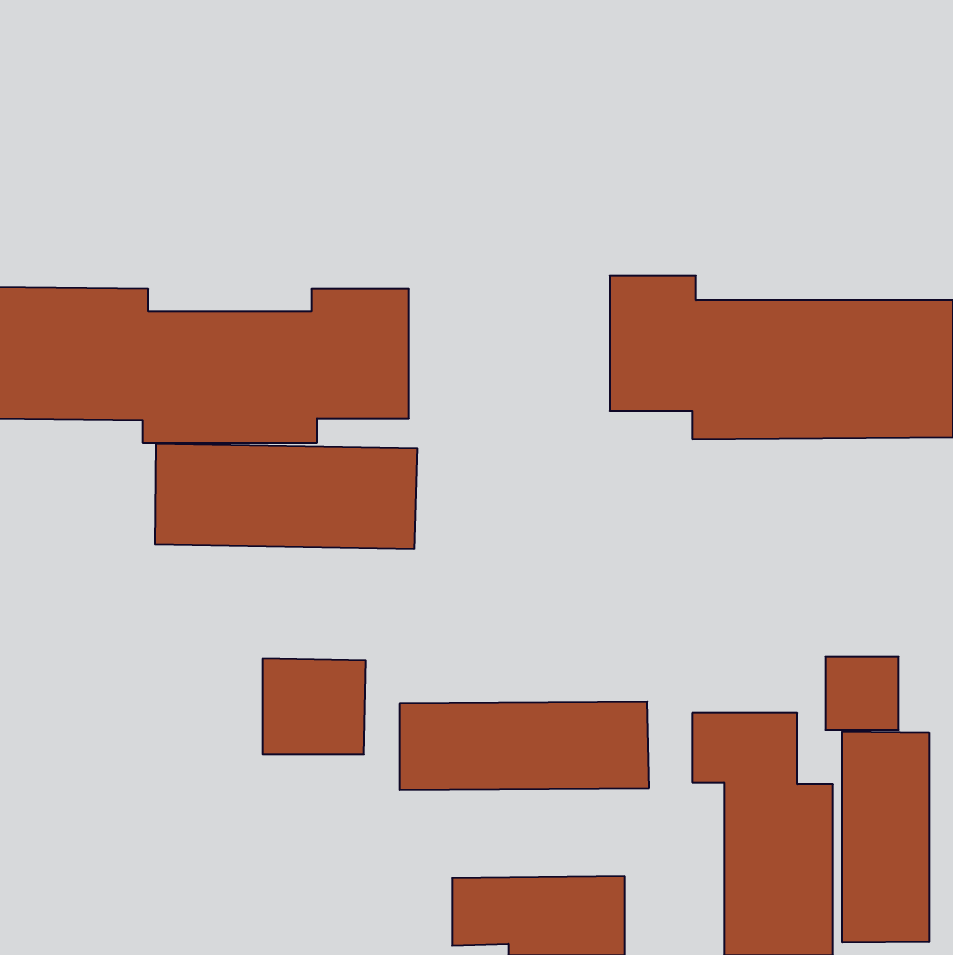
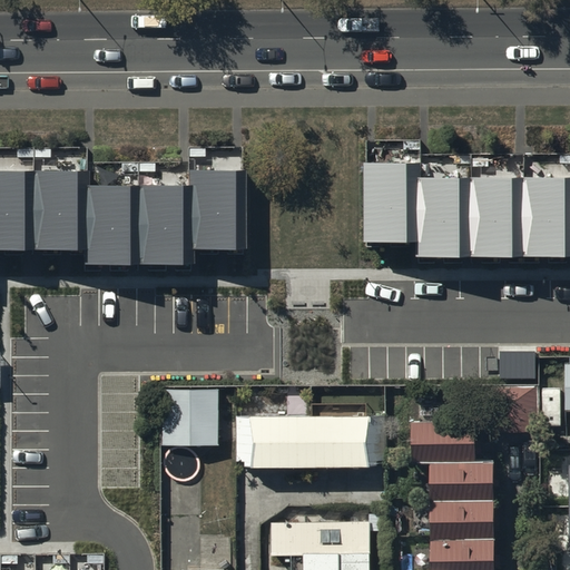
building: [155,443,417,549] -> none
building: [842,731,929,942] -> none

